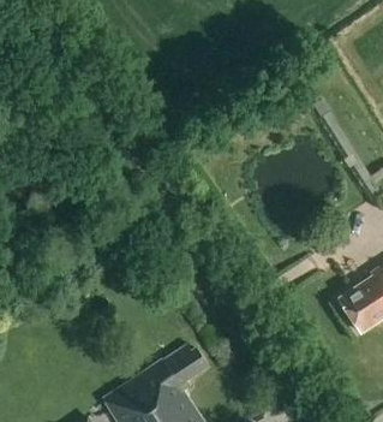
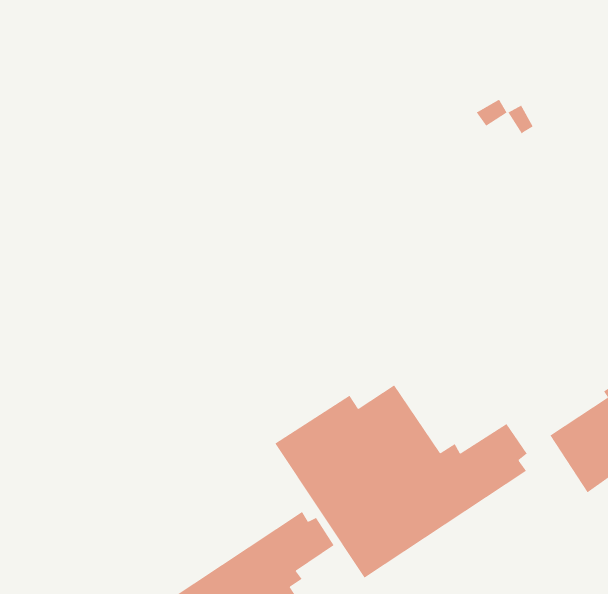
building: none -> [274,384,527,579]

